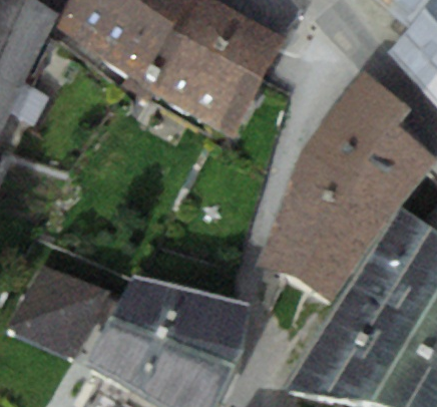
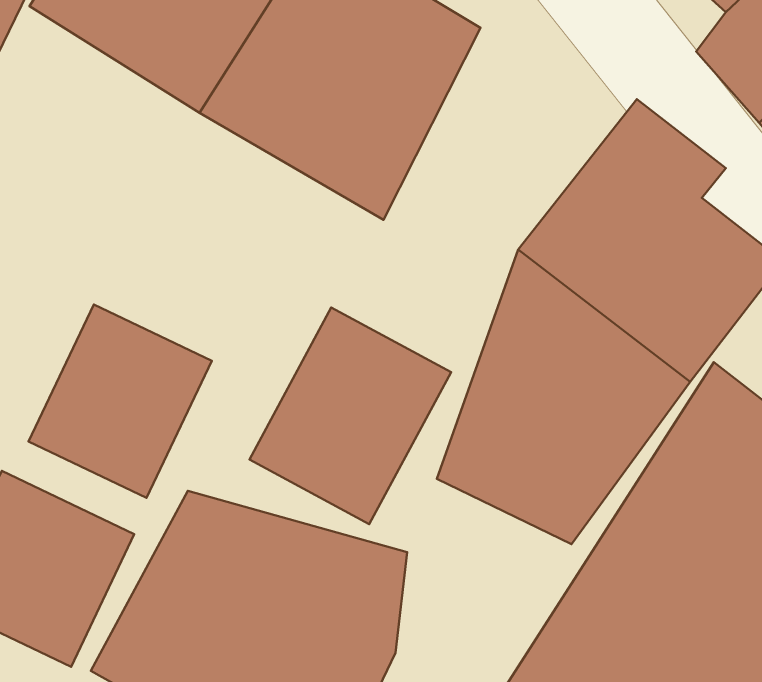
building: none -> [28,304,212,498]
building: none -> [249,308,451,524]

